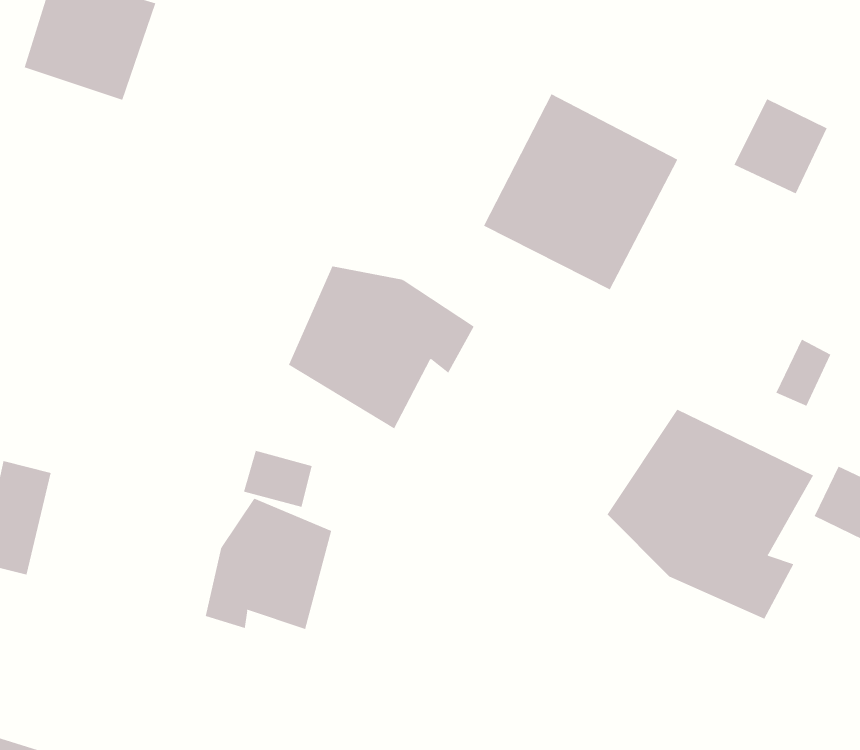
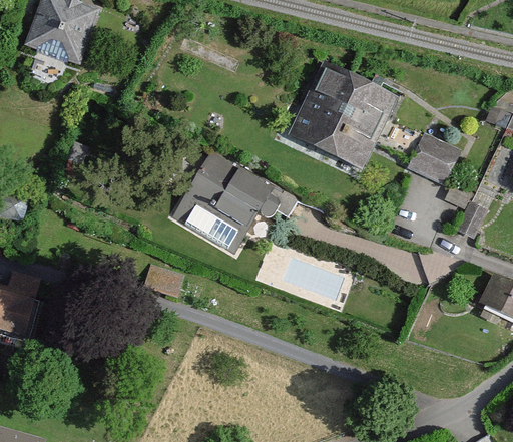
building: [734,99,828,194] -> [408,131,462,186]
building: [607,409,814,619] -> none
building: [205,498,332,630] -> none

